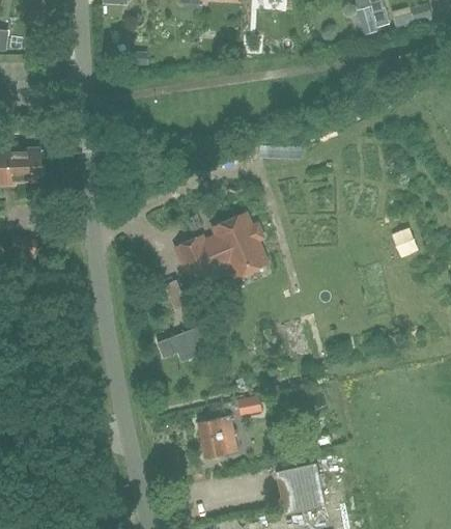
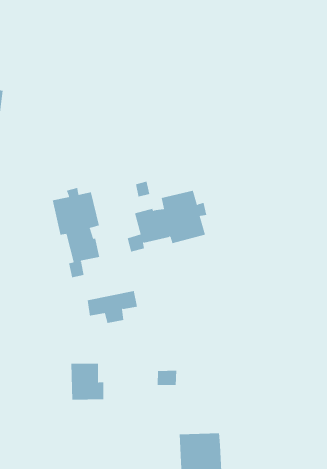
building: none -> [52,187,100,278]
building: [197,417,236,458] -> [71,363,104,400]

